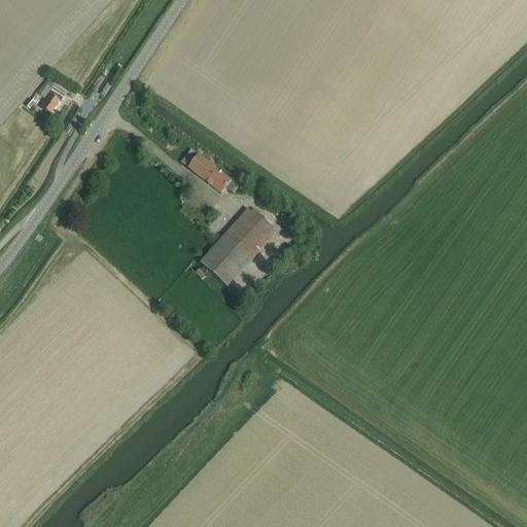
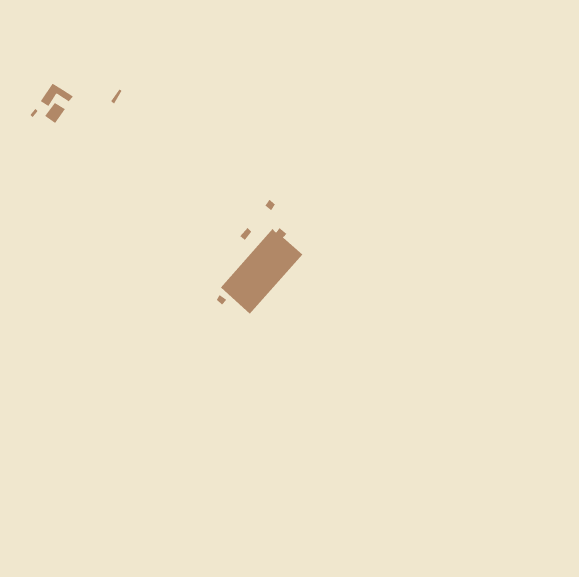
building: [181,147,239,191] -> none

